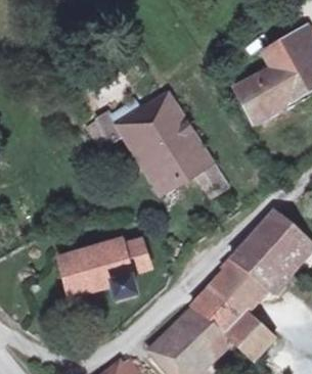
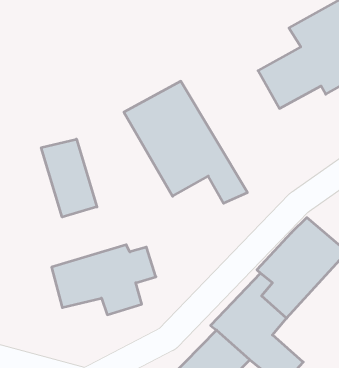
building: none -> [41,139,97,217]

